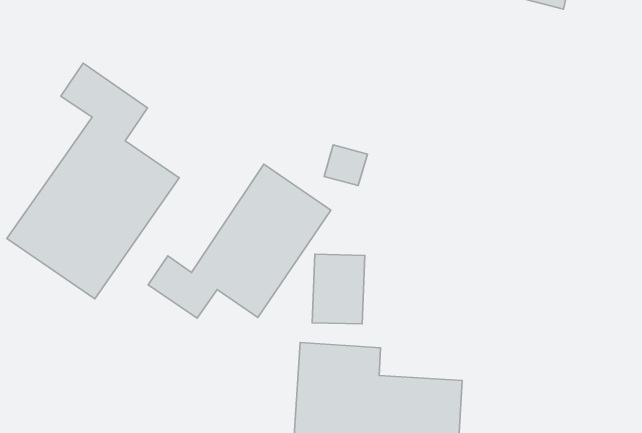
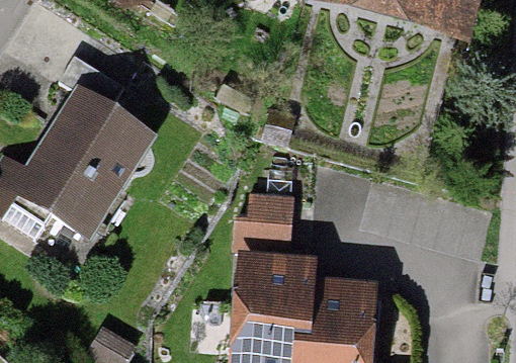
building: [148,164,331,318] -> none

